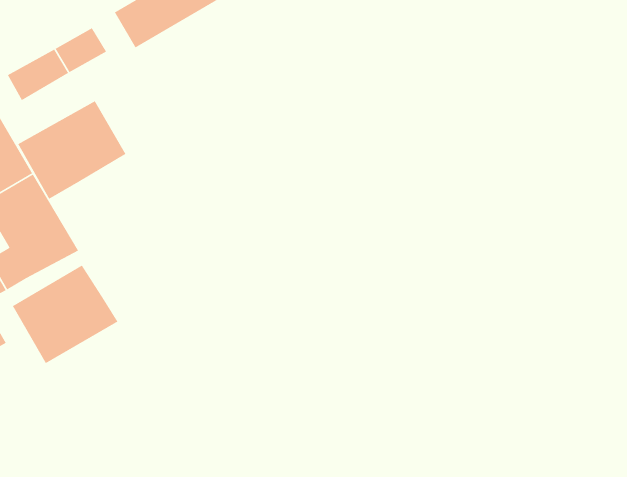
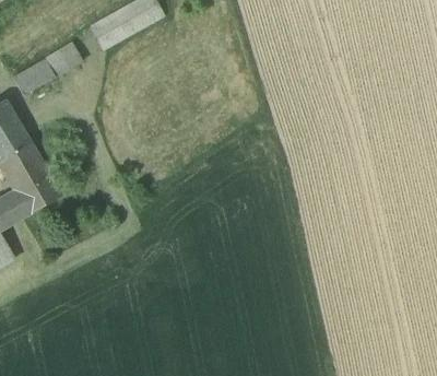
building: [17,100,126,200] -> none
building: [12,265,118,364] -> none

